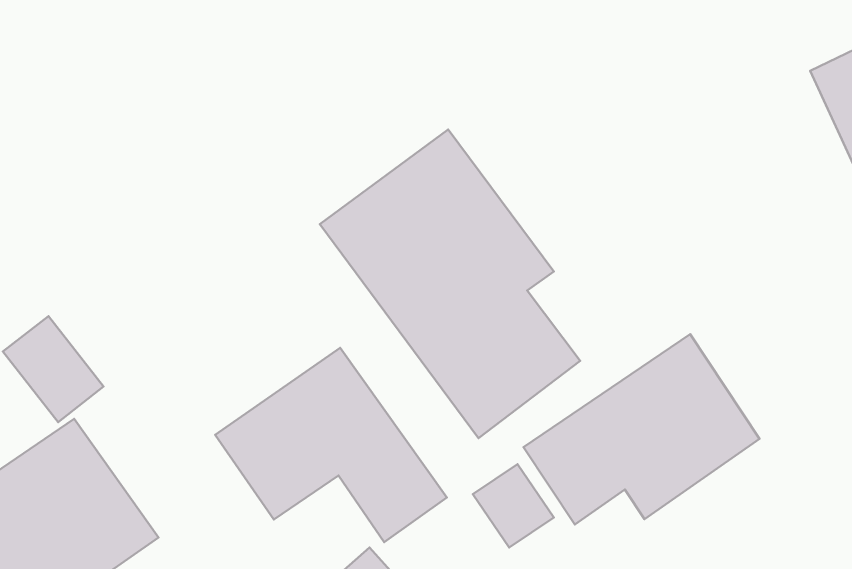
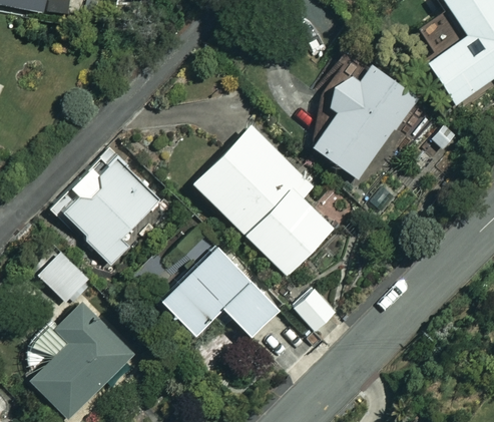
building: none -> [311,61,419,180]
building: none -> [56,150,162,266]
building: [524,334,760,524] -> none

